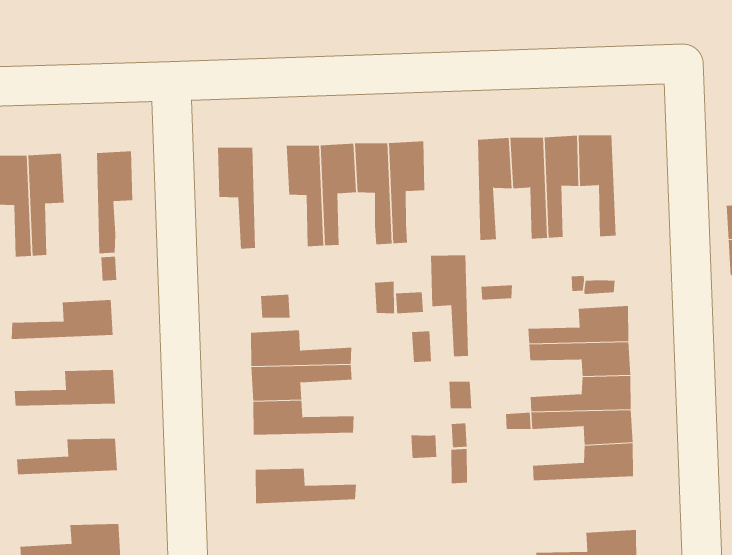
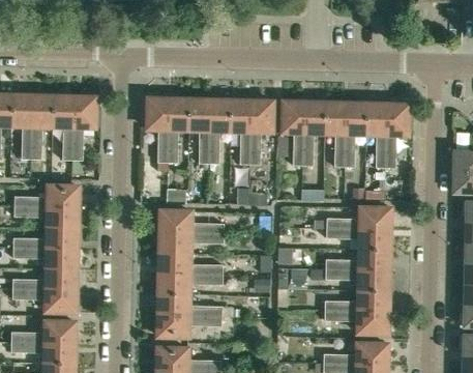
building: none -> [385,104,408,165]
building: none -> [167,98,188,160]
building: none -> [53,95,73,157]
building: [430,255,469,357] -> [282,101,304,163]
building: none -> [16,206,78,228]
building: none -> [14,247,77,269]
building: none -> [158,272,219,294]
building: none -> [14,288,76,311]
building: none -> [326,310,387,333]
building: none -> [157,314,218,336]

